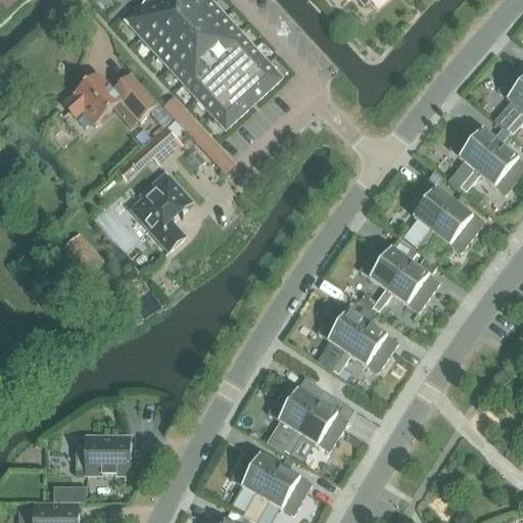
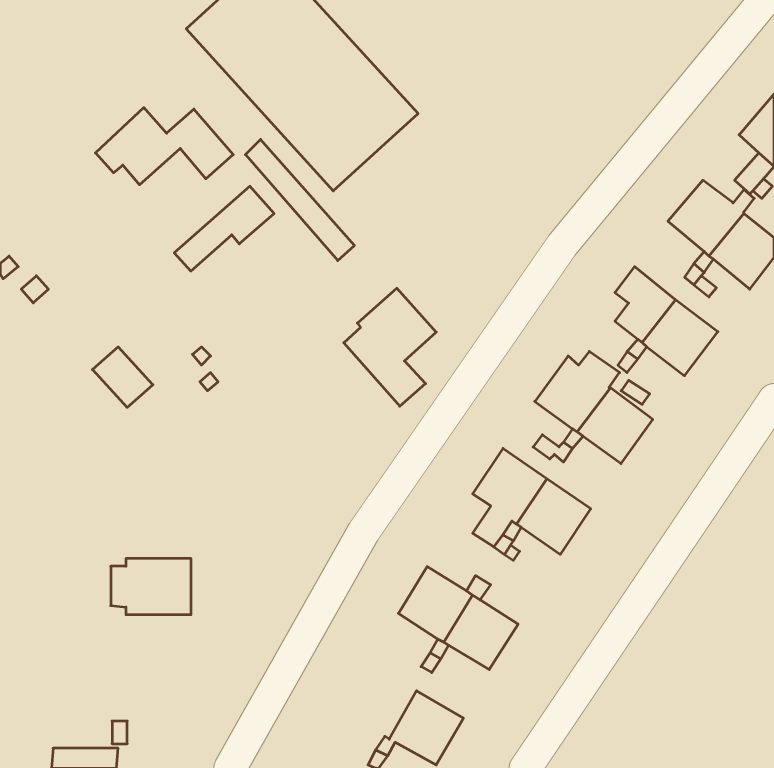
building: [132,173,194,252] -> [344,288,436,406]
building: [77,437,131,475] -> [111,559,191,615]
building: [232,448,281,498] -> none

